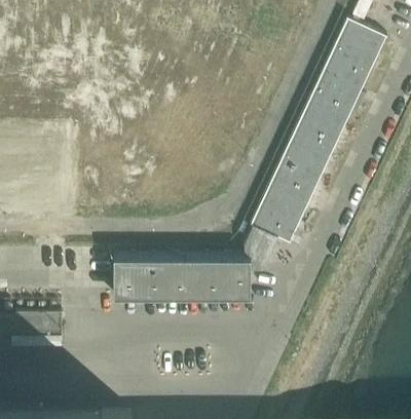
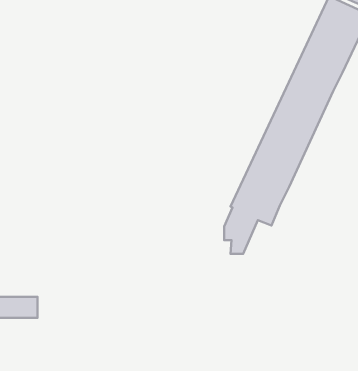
building: [112,258,250,298] -> none

